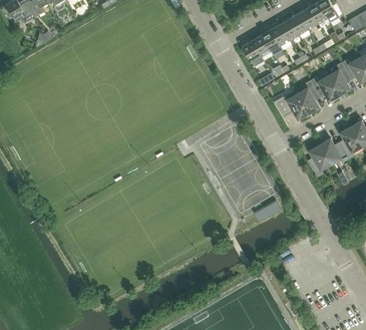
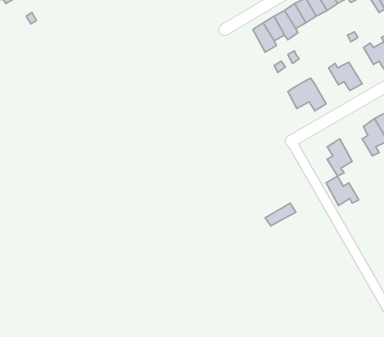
building: [328,62,350,94] -> none
building: [297,80,319,112] -> none
building: [320,137,349,163] -> [326,176,359,205]

